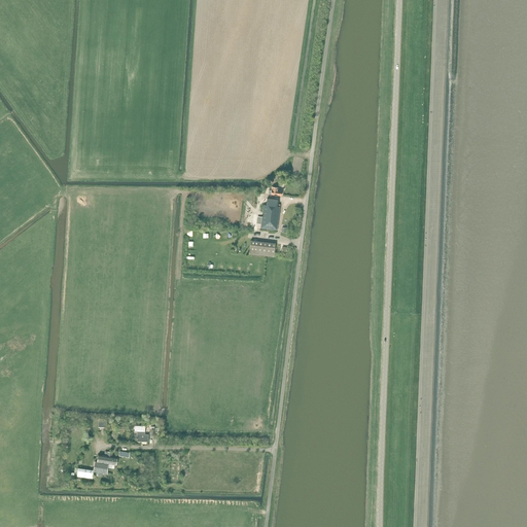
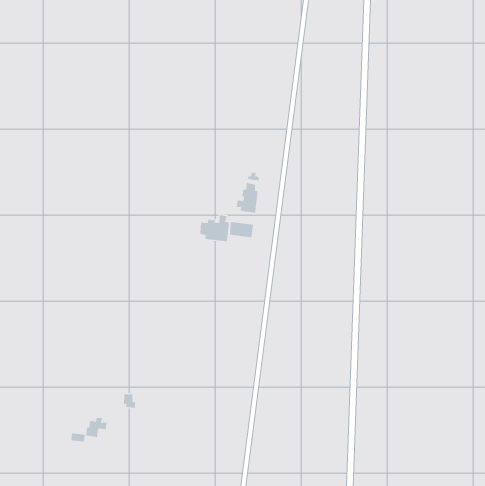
building: none -> [200,215,229,242]

